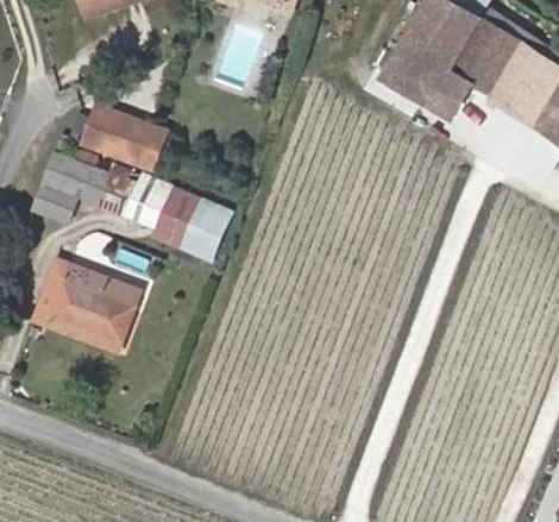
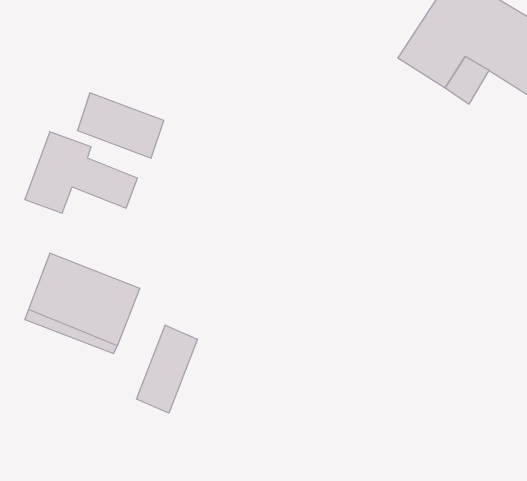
building: [138,187,230,258] -> none
building: none -> [137,325,197,413]

